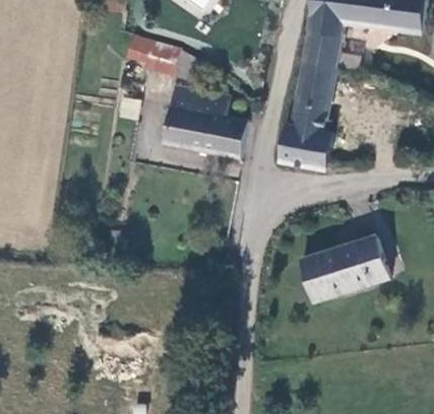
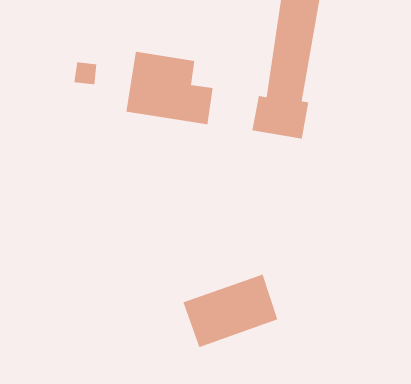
building: [136,43,188,77] -> none
building: [302,235,391,304] -> [183,274,278,348]

